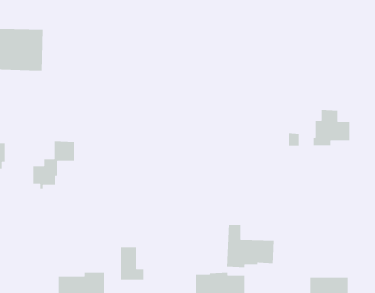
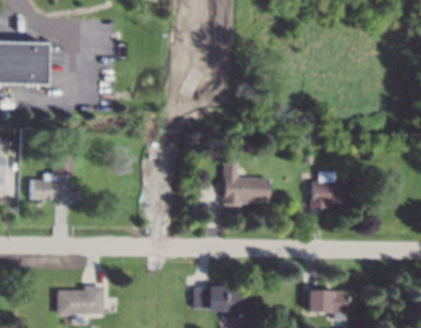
building: [313,109,350,146] -> [311,171,348,208]
building: [226,224,274,268] -> [222,161,270,206]
building: [120,247,144,281] -> none

